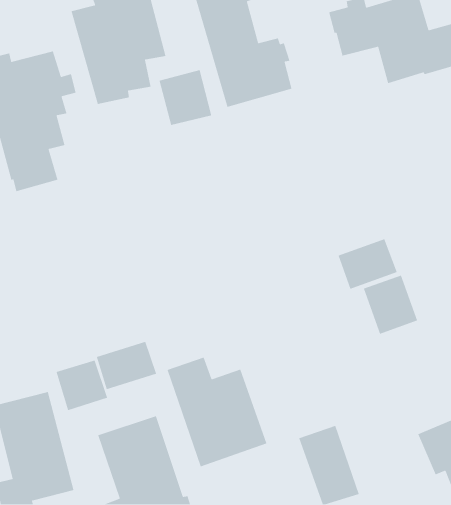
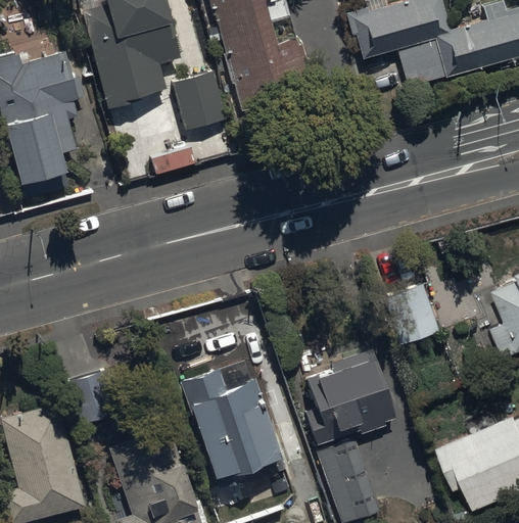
building: [338,238,398,290] -> none
building: none -> [302,348,394,444]
building: [96,341,157,390] -> none

